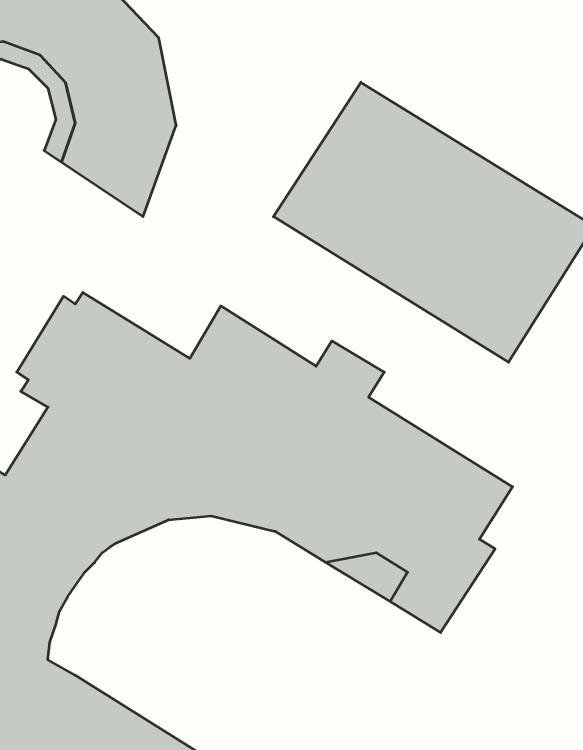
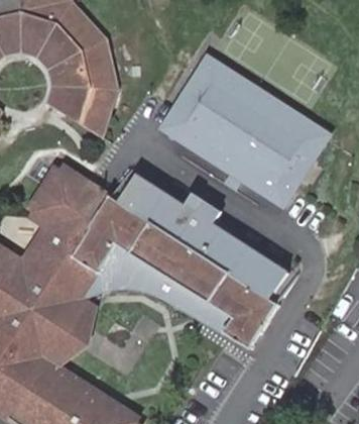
building: none -> [46,299,97,367]

